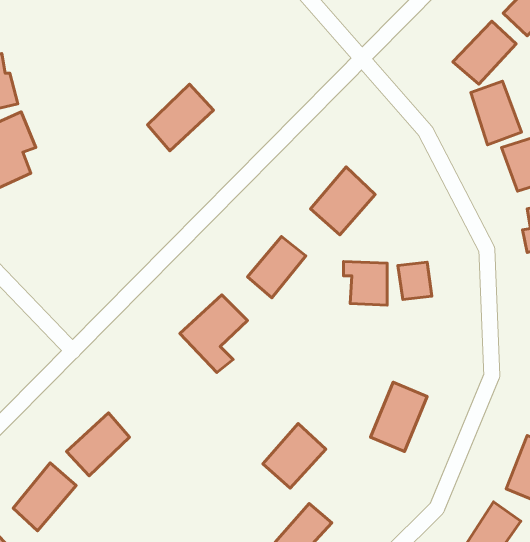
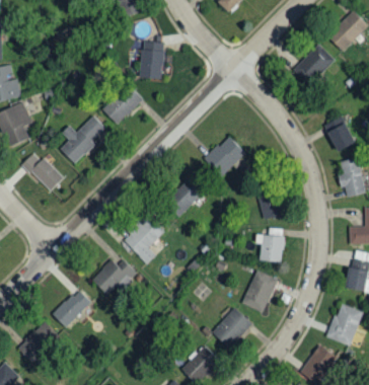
building: none -> [140,41,164,79]
building: [471,81,522,145] -> none
building: none -> [60,114,105,164]
building: none -> [22,151,62,191]
building: [344,261,387,305] -> [255,234,283,261]
building: none -> [91,257,137,294]
building: [263,423,326,488] -> [212,307,251,348]

